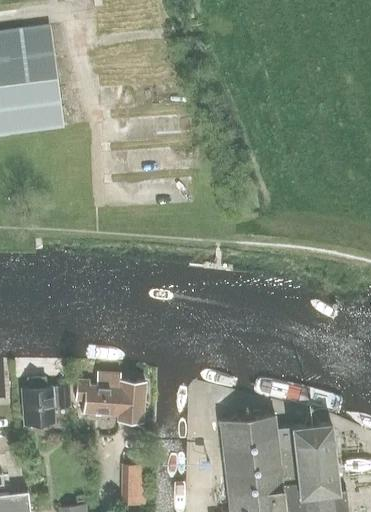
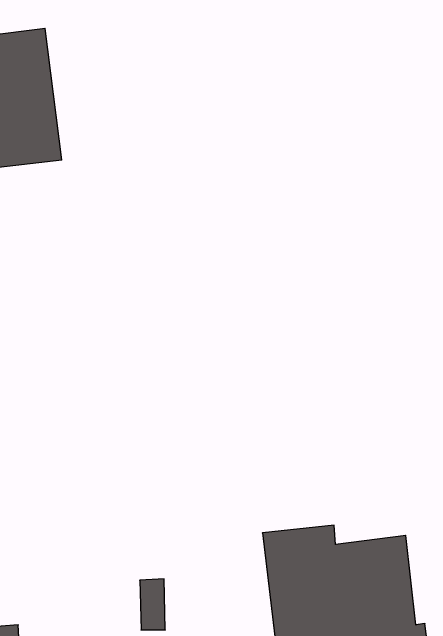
building: [22,377,69,425] -> none
building: [74,379,144,423] -> none

